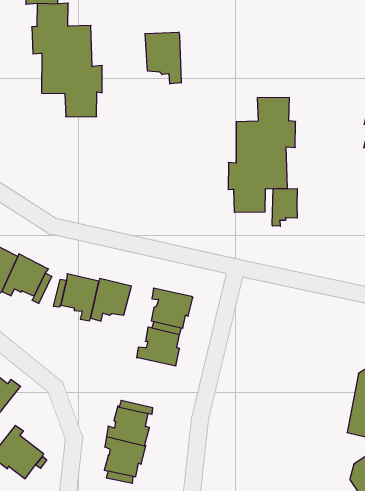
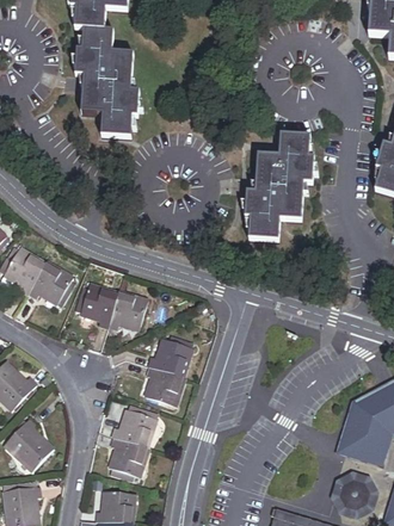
building: [145,32,181,84] -> none
building: [272,188,297,226] -> none
building: [151,288,193,328] -> [142,365,183,404]

